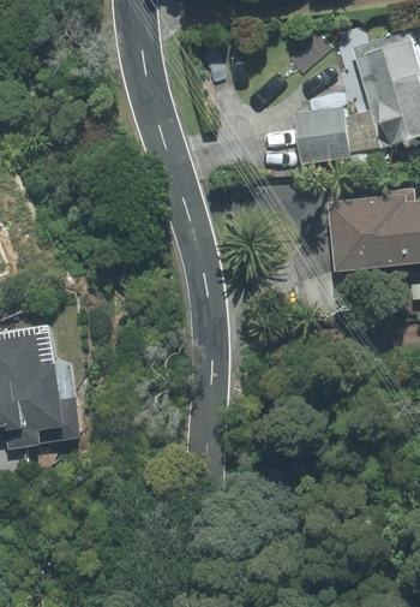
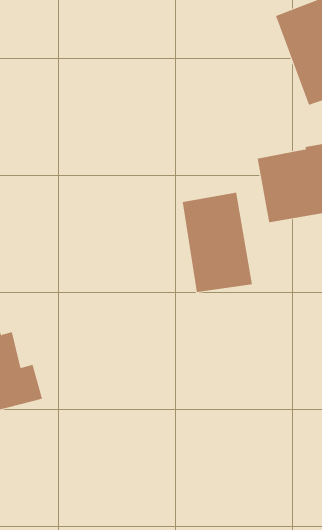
building: [294,107,350,165] -> none
building: none -> [182,192,253,293]

